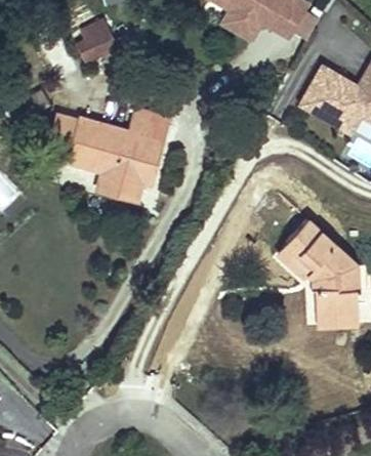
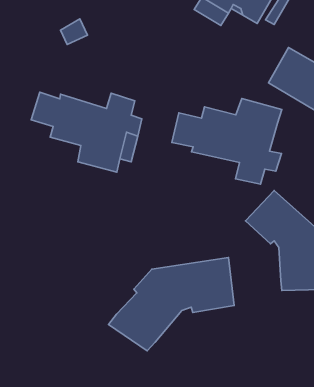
building: none -> [172,99,282,184]
building: none -> [109,258,234,351]

